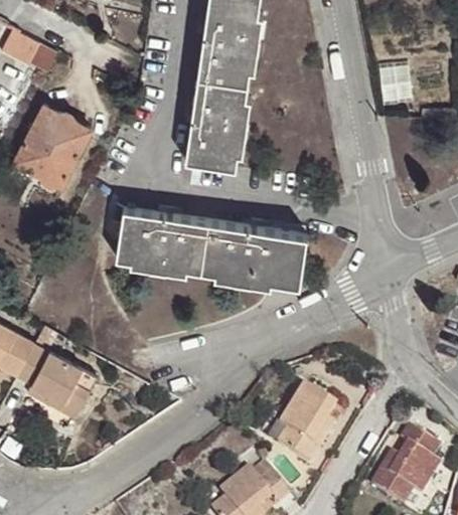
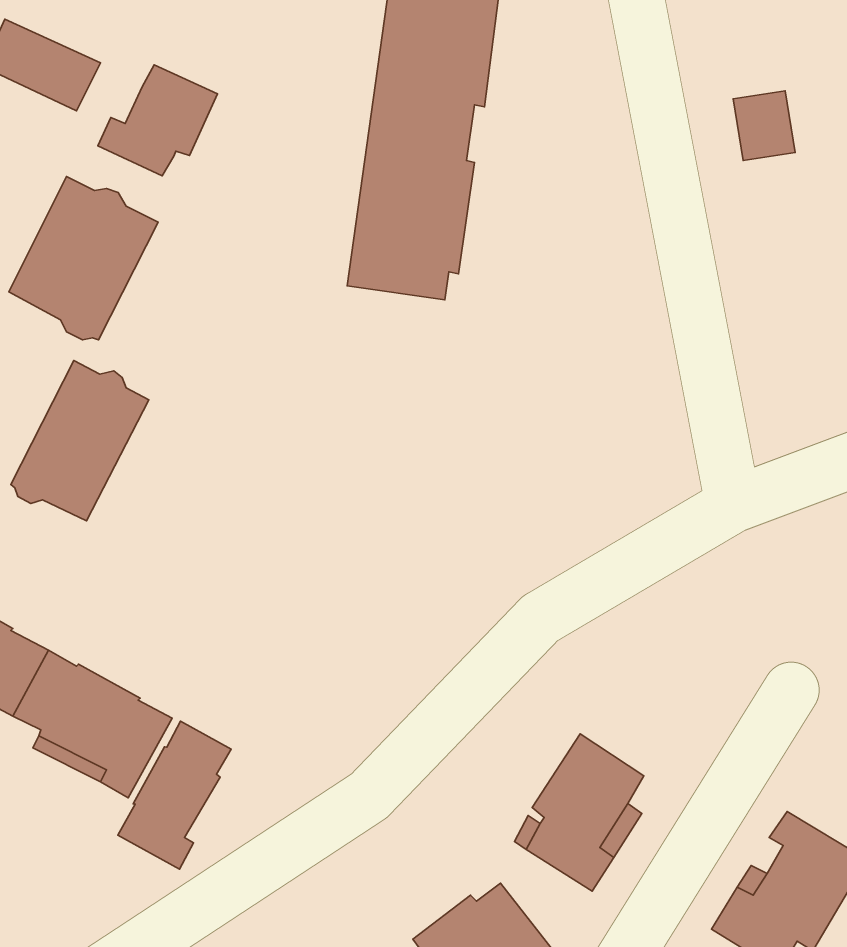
building: none -> [98,65,218,176]
building: none -> [11,361,149,521]
building: [116,209,304,286] -> none
building: none -> [118,721,231,869]

